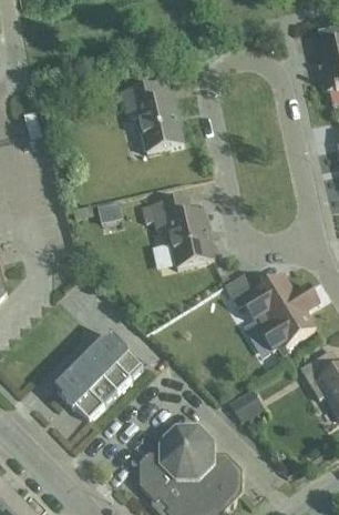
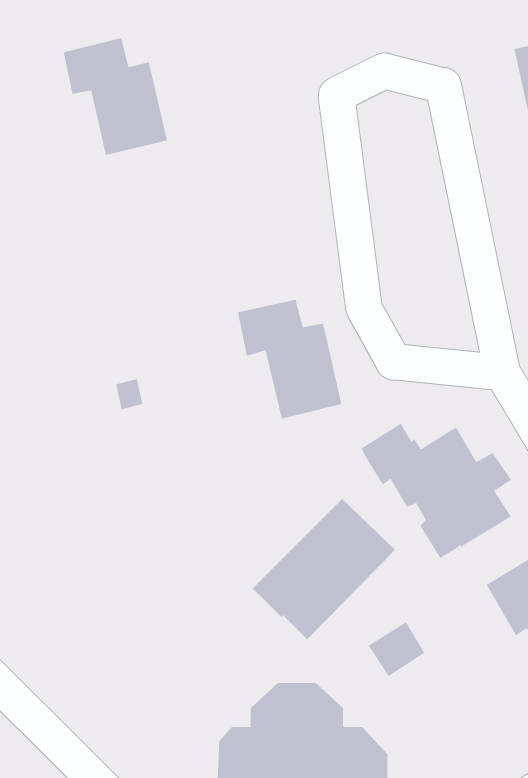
building: [121,81,184,152] -> [63,37,168,155]
building: [55,334,142,420] -> [252,498,396,640]

